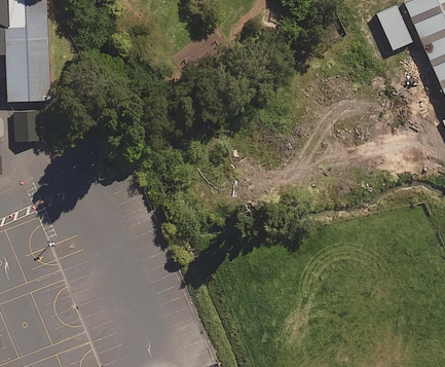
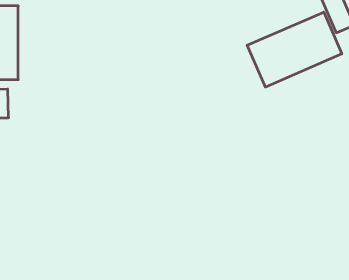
building: none -> [247,12,342,87]

